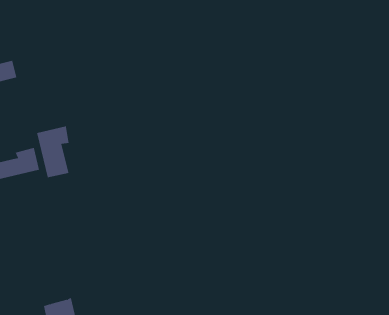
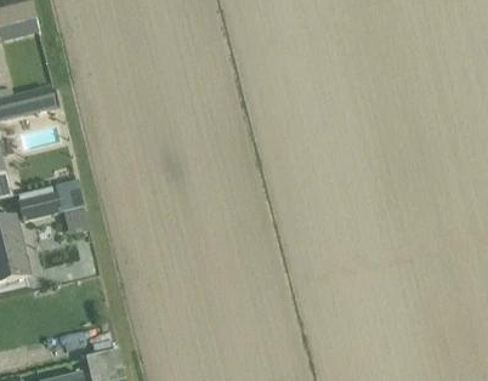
building: [36,125,69,178] -> none

